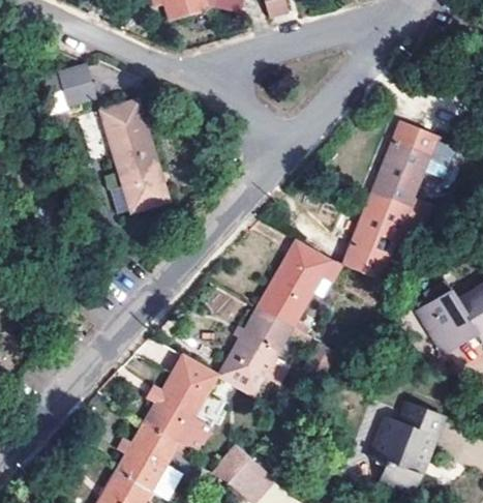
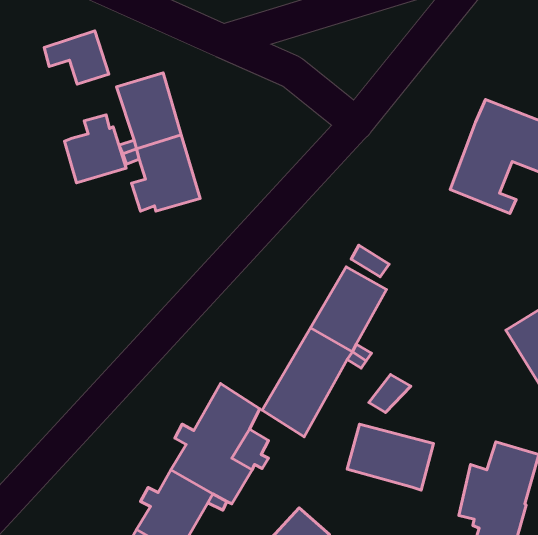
building: none -> [65,115,126,183]
building: [341,195,419,280] -> none
building: none -> [347,424,433,490]

